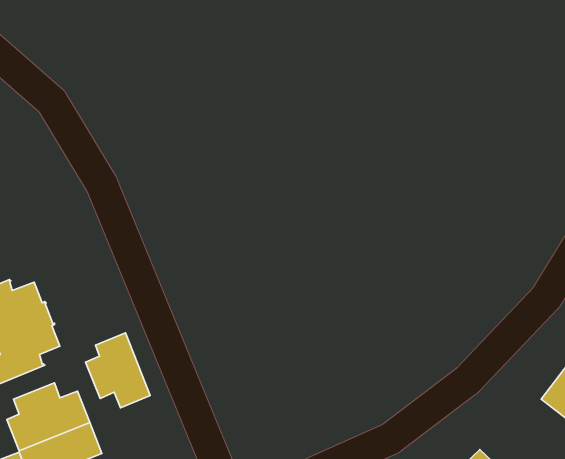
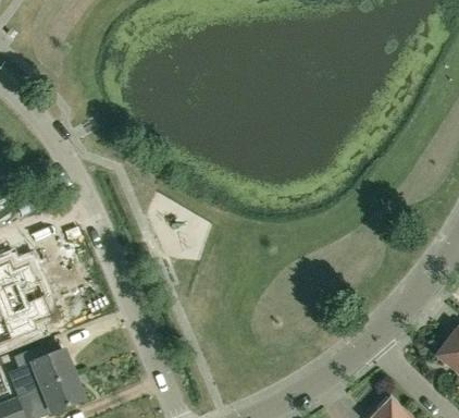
building: [86,333,150,408] -> none

